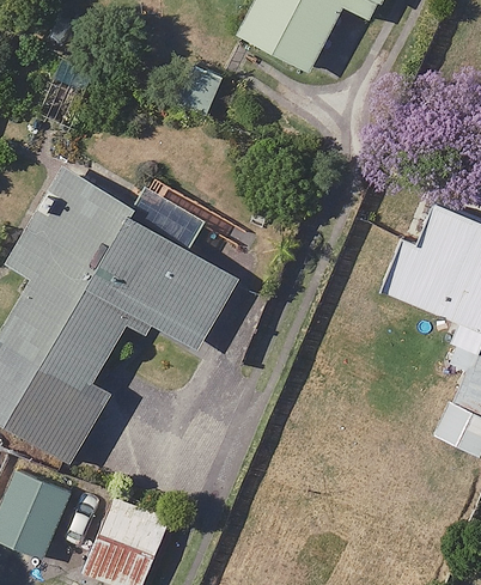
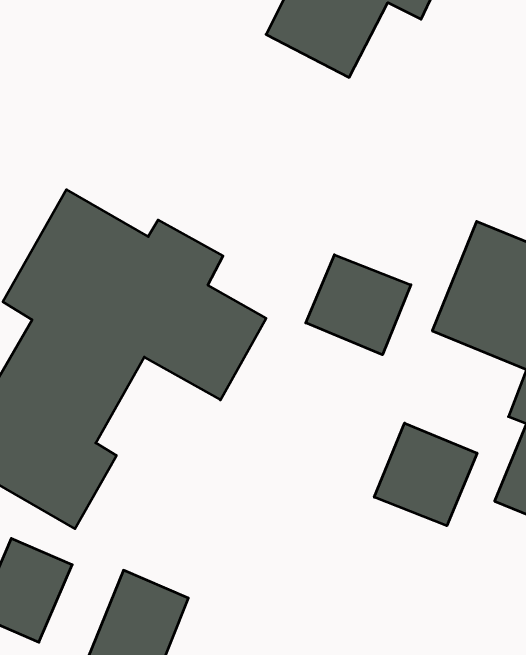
building: none -> [306,255,411,355]
building: none -> [374,423,477,526]

